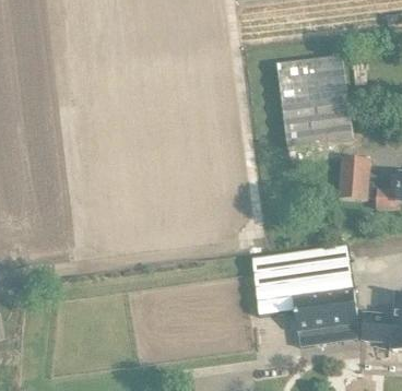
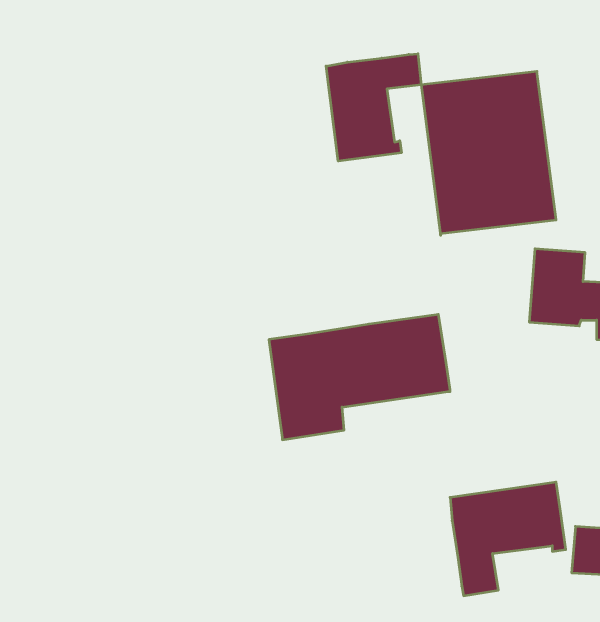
building: none -> [326,54,421,161]
building: [250,245,353,316] -> [269,314,450,440]

